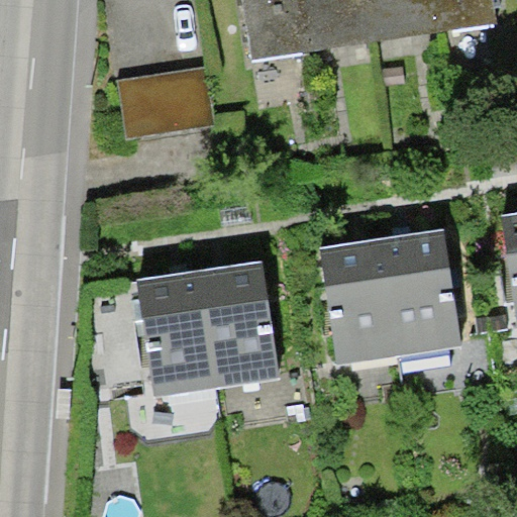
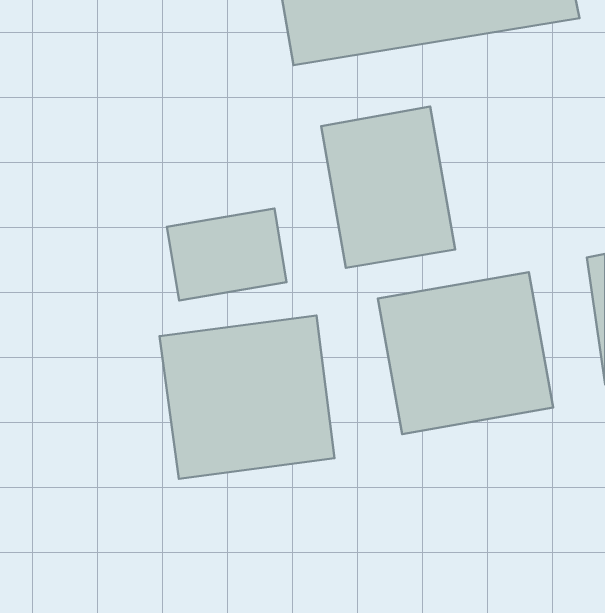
building: [116,63,216,139] -> [167,209,286,300]
building: none -> [321,107,455,268]

